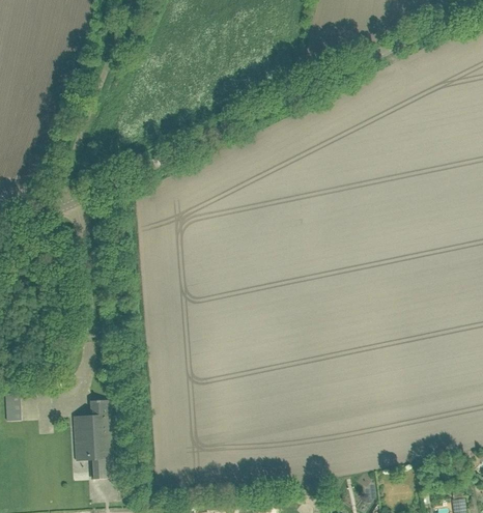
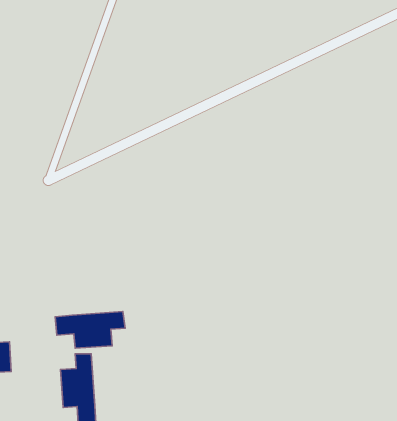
building: none -> [55,312,125,348]

